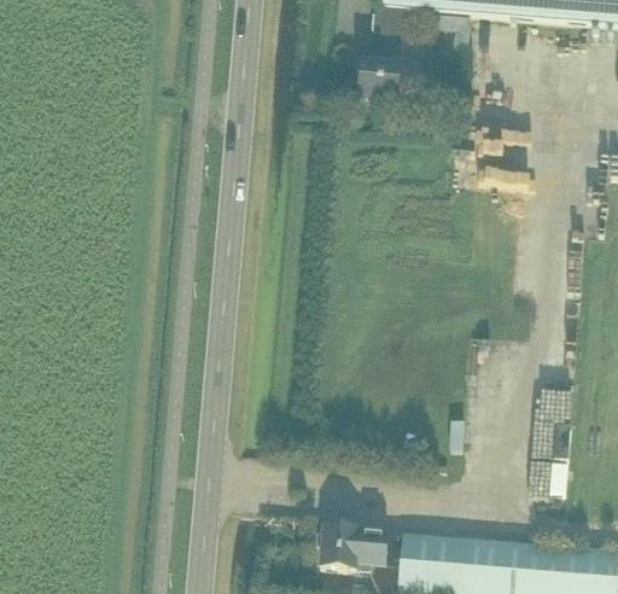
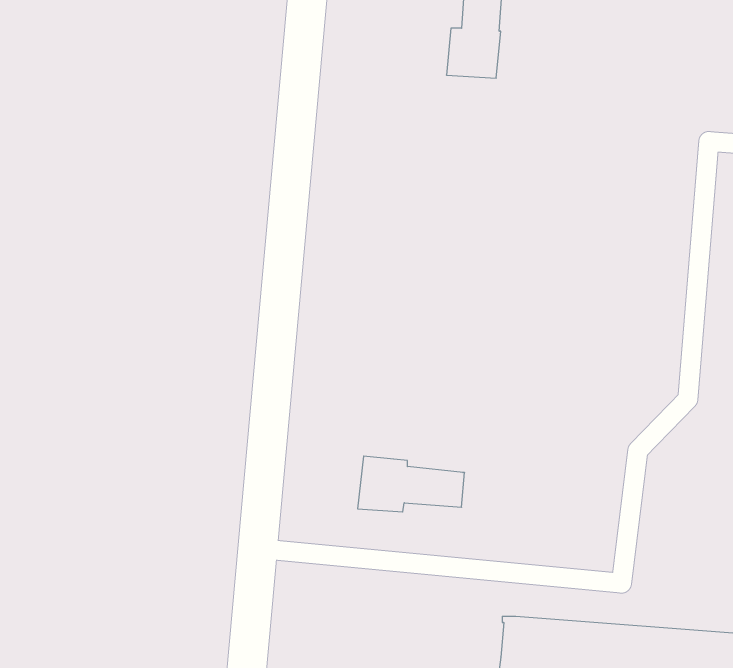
building: [321,526,407,571] -> [358,456,465,512]

